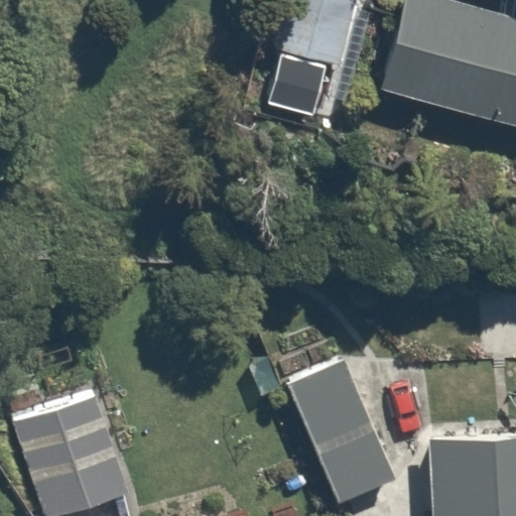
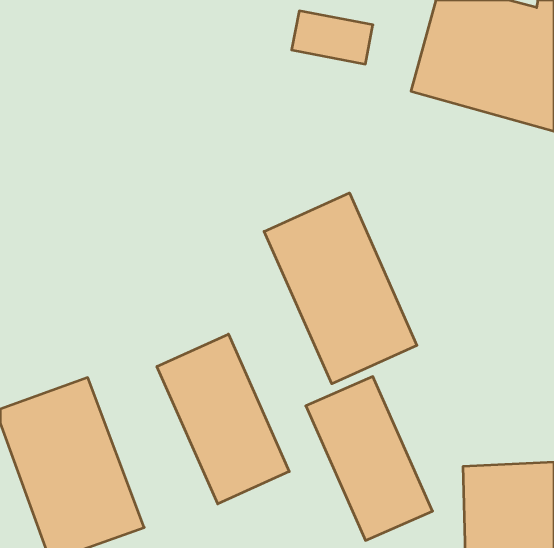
building: none -> [264,193,417,384]
building: none -> [157,334,289,504]

